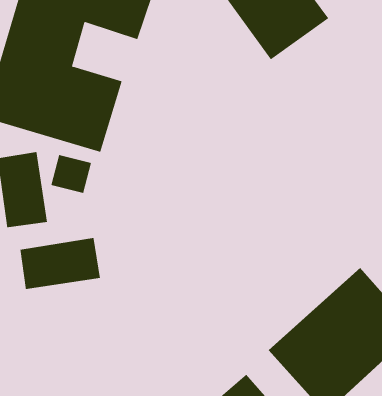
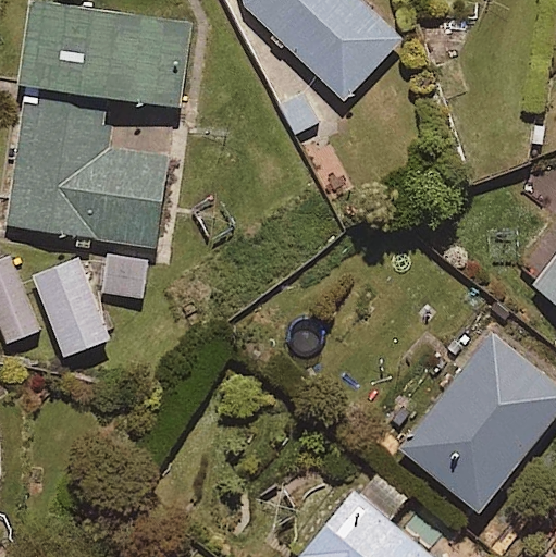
building: [20,237,101,290] -> none

